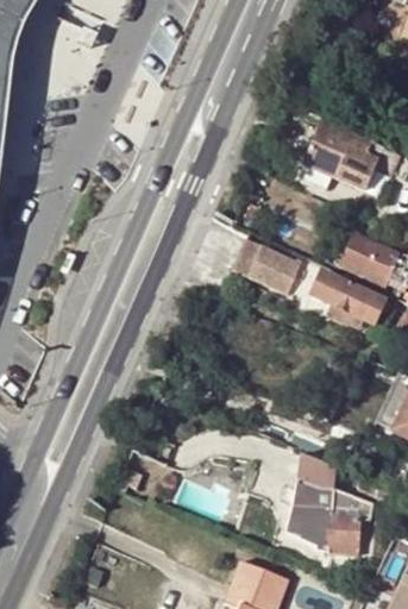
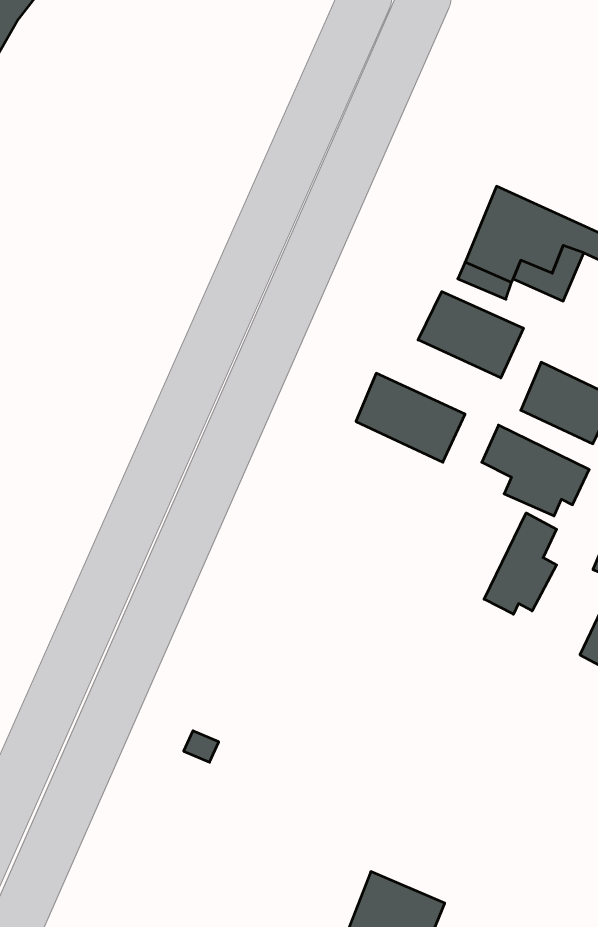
building: none -> [418,292,523,378]
building: none -> [484,513,557,614]
building: [297,457,385,558] -> none

